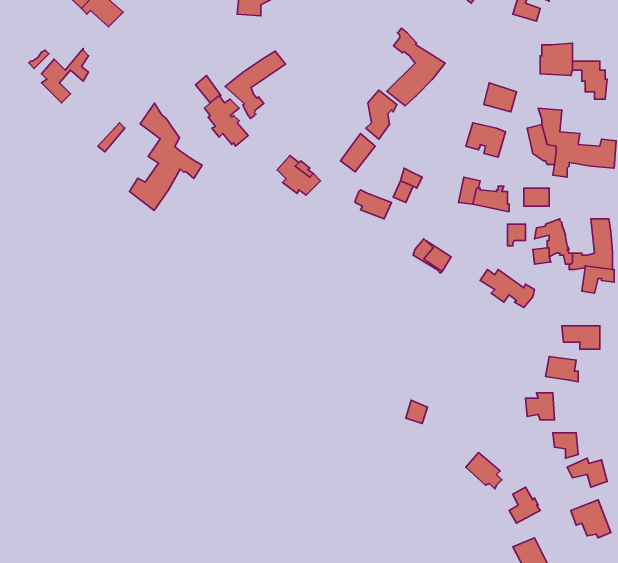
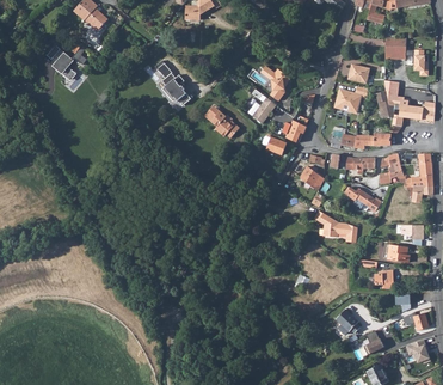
building: [387,28,445,106] -> none
building: [225,51,286,118] -> none
building: [130,103,202,210] -> none
building: none -> [314,210,357,242]

